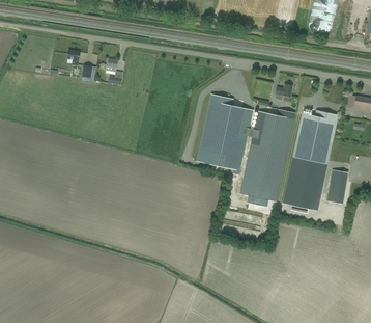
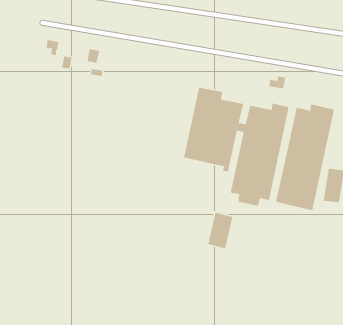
building: none -> [208,212,233,249]

